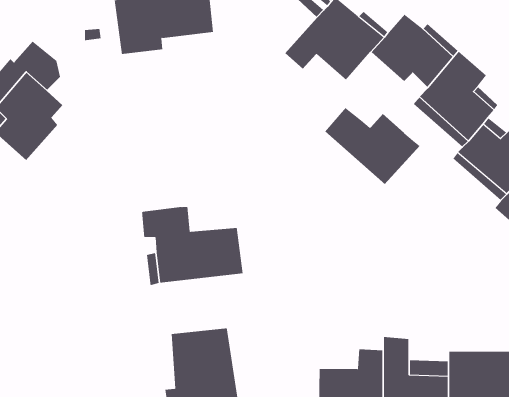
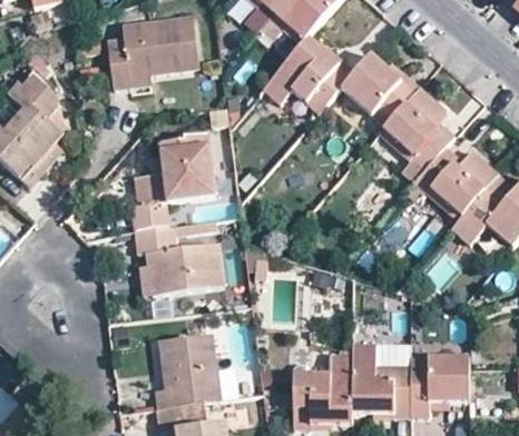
building: none -> [130,132,216,230]
building: [324,107,421,185] -> none

